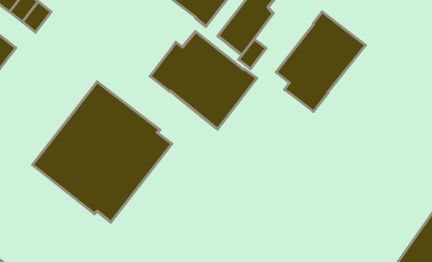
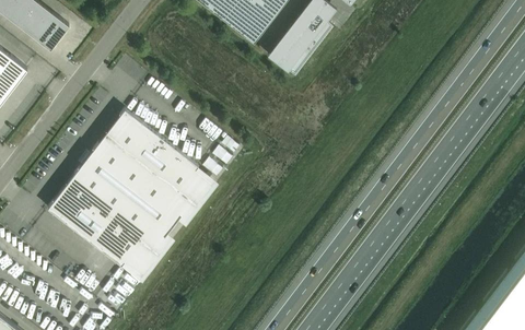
building: [276,12,366,112] -> none
building: [150,31,257,129] -> none
building: [238,39,266,69] -> none

